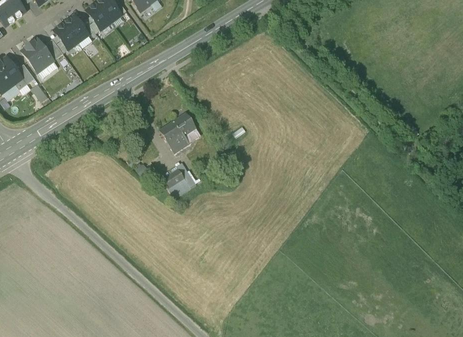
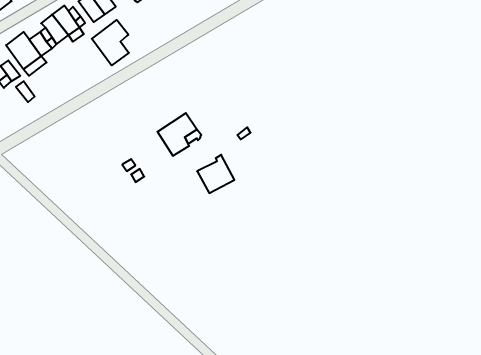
building: none -> [92,20,129,65]
building: [161,161,195,196] -> [197,155,234,193]

